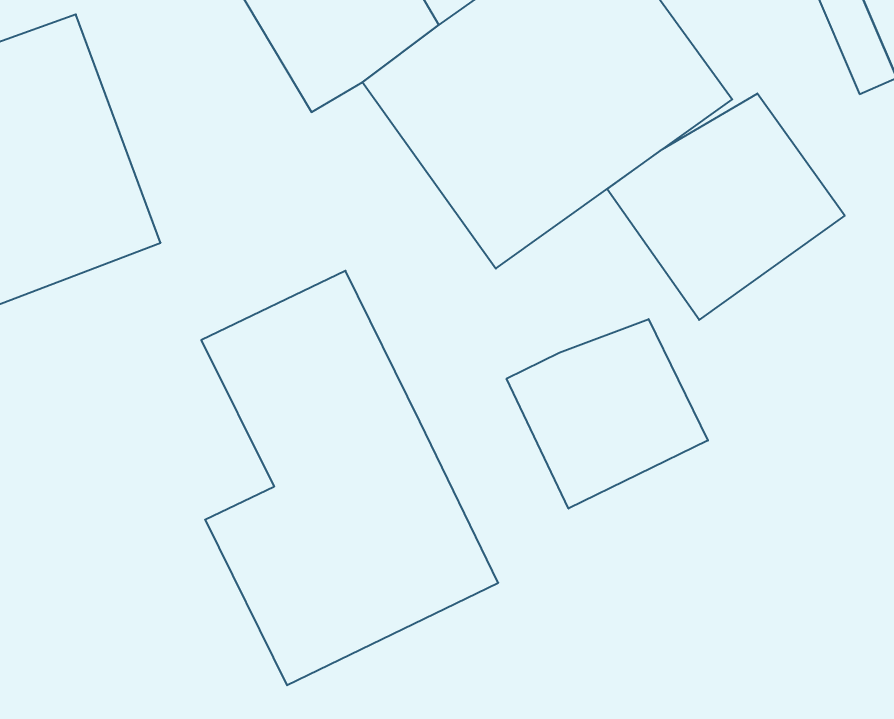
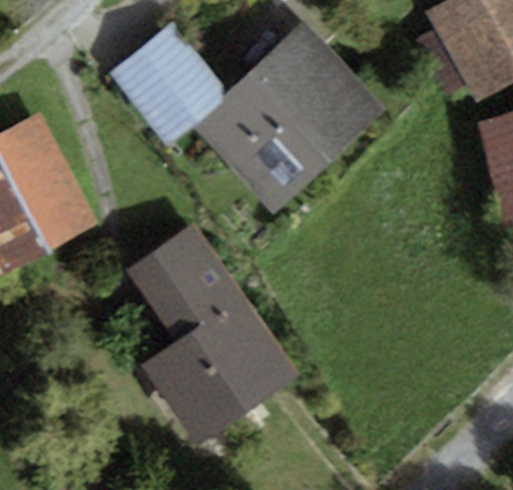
building: [607,93,845,320] -> none
building: [507,319,708,509] -> none

